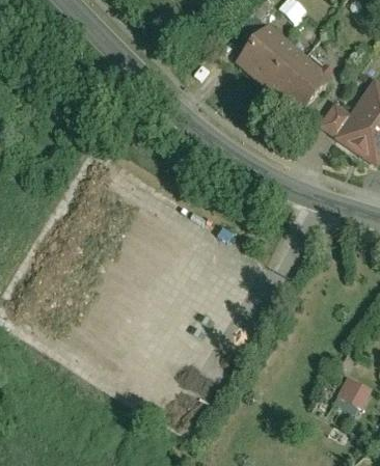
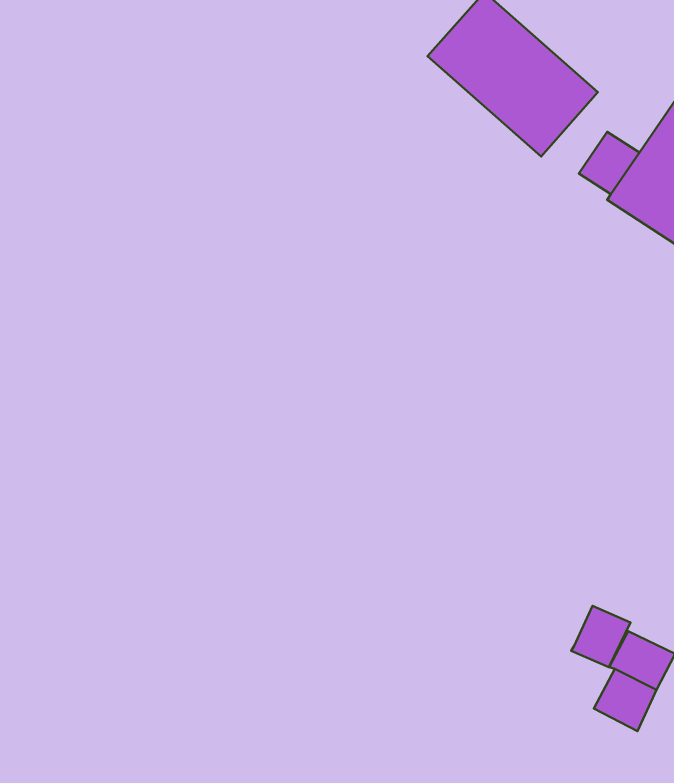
building: none -> [571,606,630,667]

